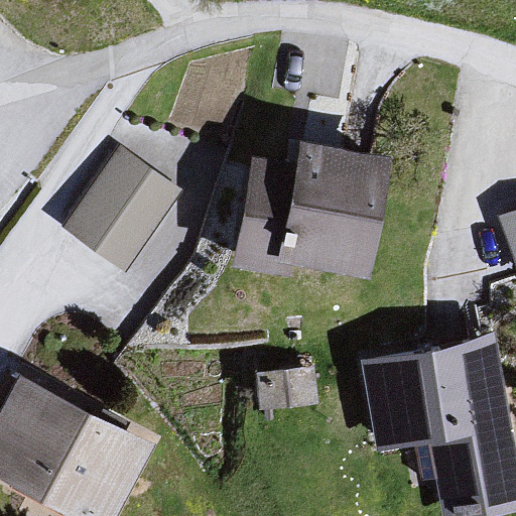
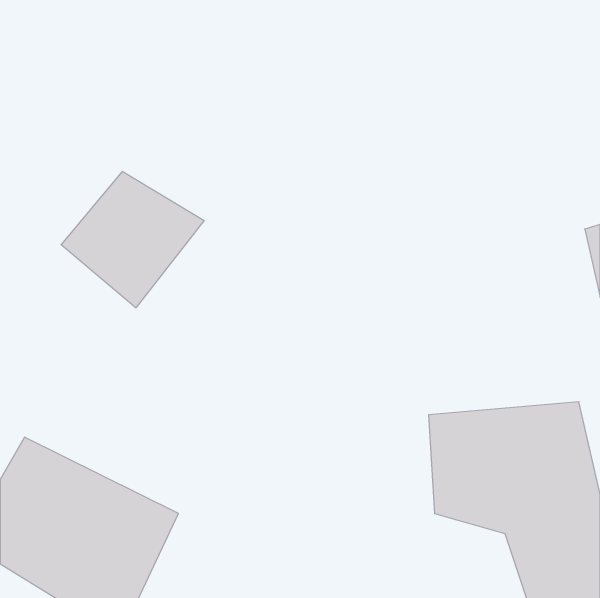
building: [240,143,392,280] -> none

